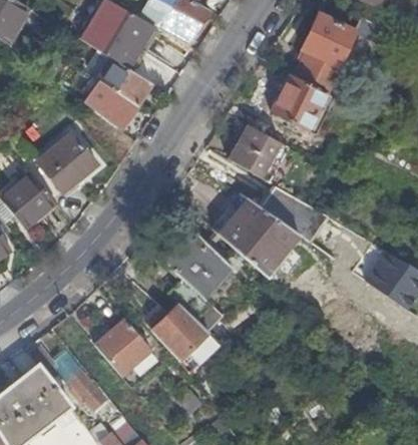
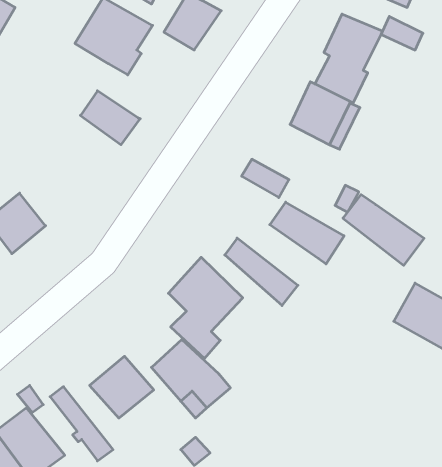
building: [98,58,152,106] -> none
building: [239,124,281,161] -> none
building: [38,134,97,196] -> none
building: [226,192,298,256] -> [343,195,424,265]

